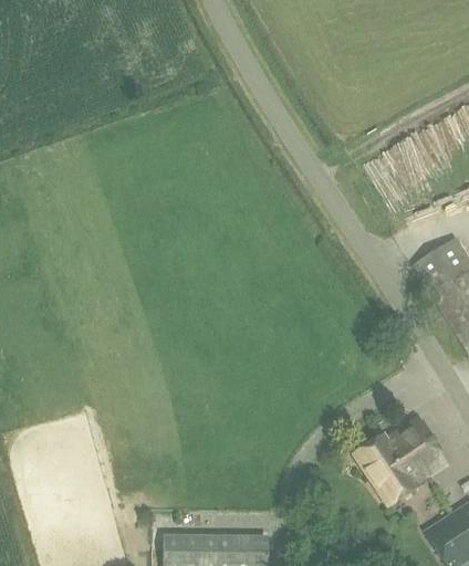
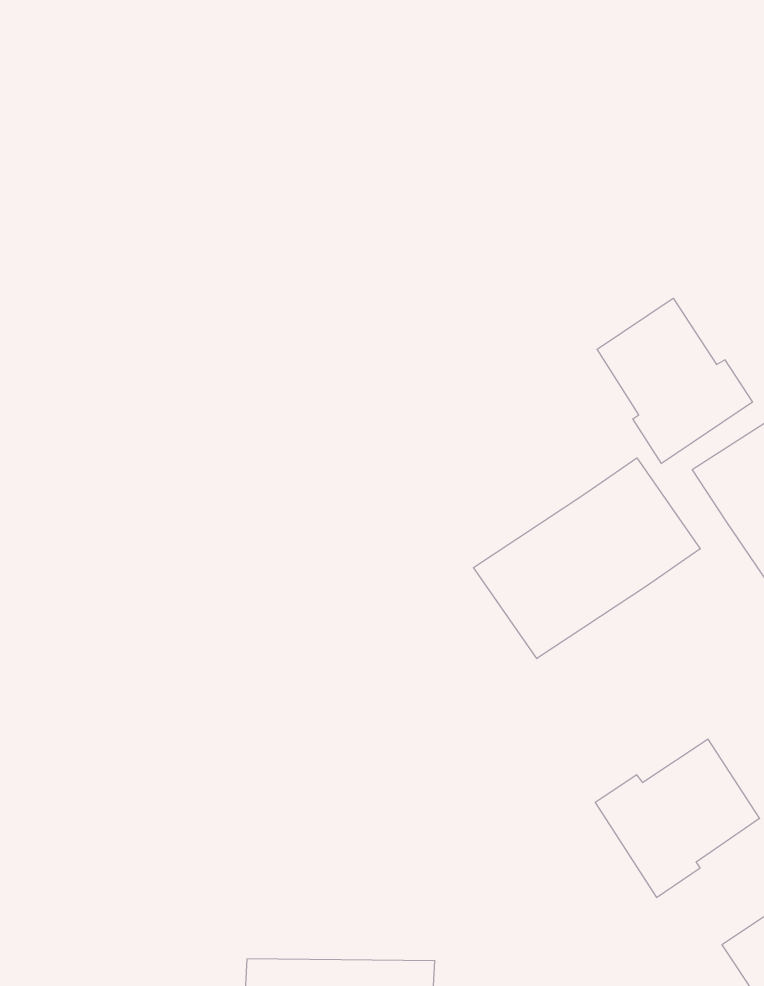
building: none -> [597,298,753,464]
building: none -> [473,458,700,659]

